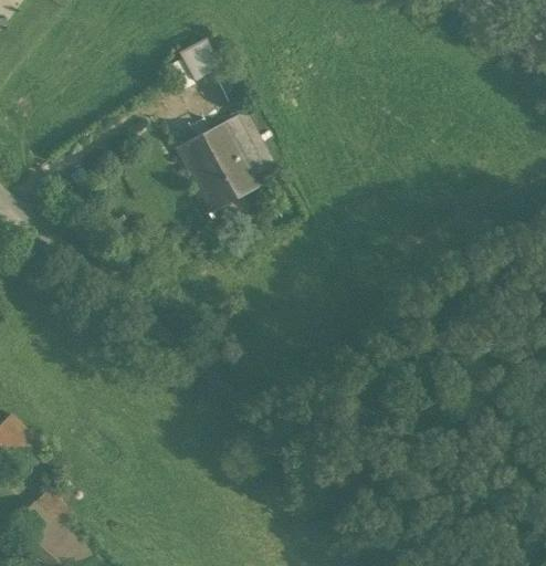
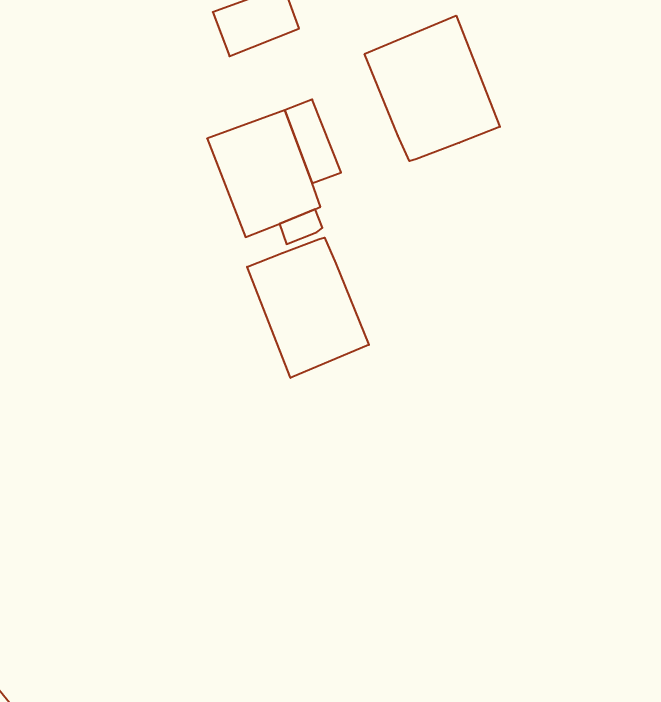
building: none -> [365,16,500,161]
building: none -> [247,238,369,378]

